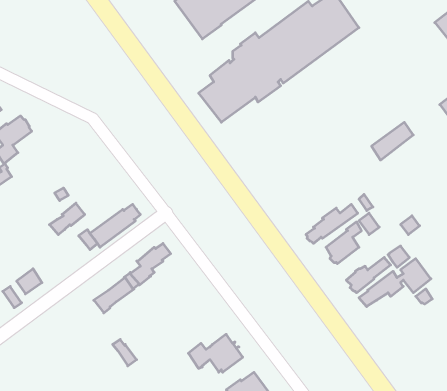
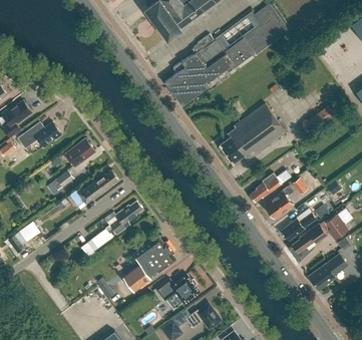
building: none -> [220,103,287,163]
building: none -> [18,122,62,148]
building: none -> [66,138,95,165]
building: none -> [123,237,176,291]
building: none -> [309,254,348,288]

